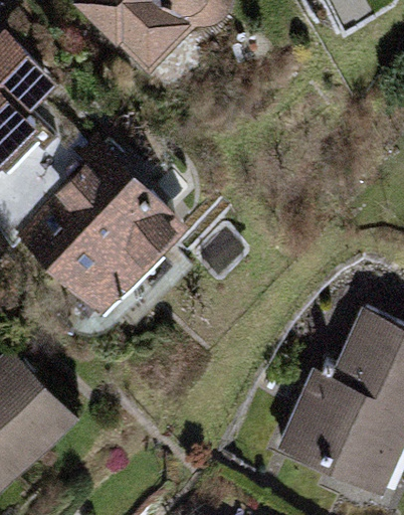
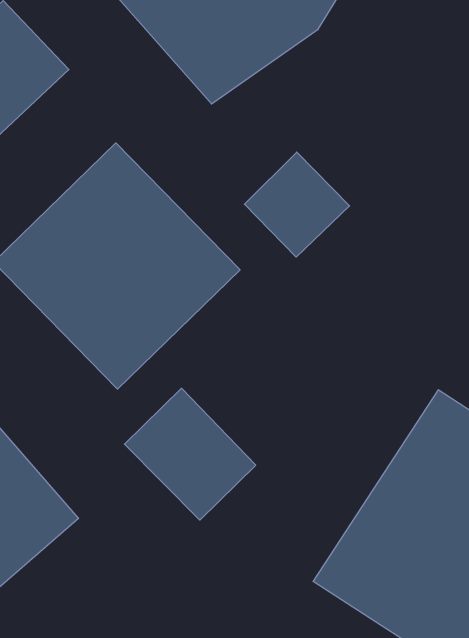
building: none -> [244,152,350,257]
building: none -> [124,388,256,520]

